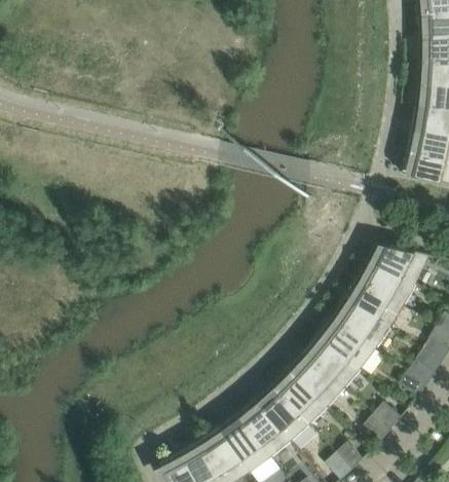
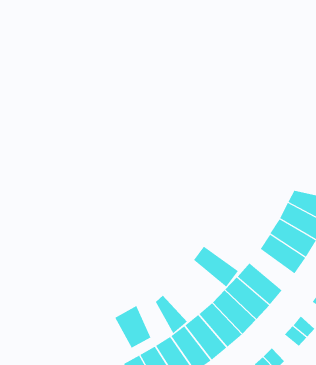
building: [320,317,377,369] -> [193,246,239,287]
building: none -> [155,295,188,334]
building: none -> [114,305,151,348]

